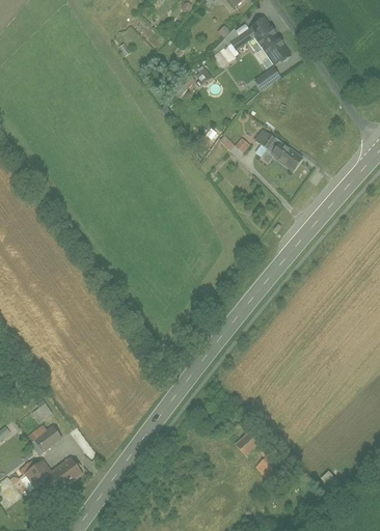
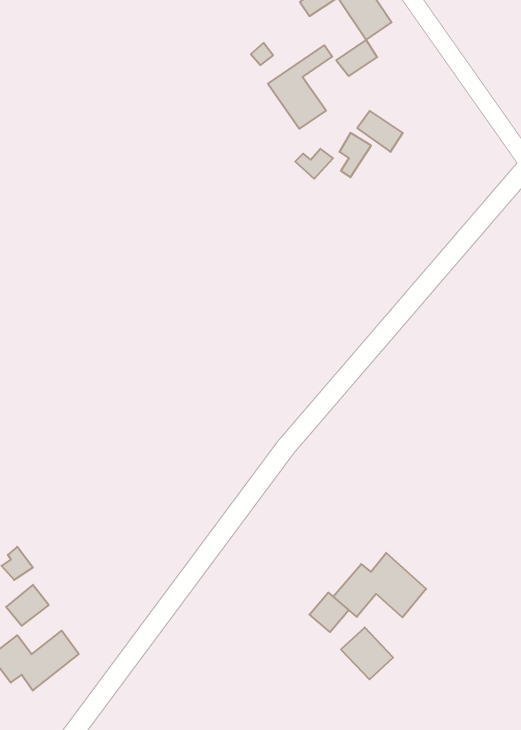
building: none -> [268,45,332,129]
building: [270,143,300,170] -> [357,111,403,152]
building: none -> [333,553,426,617]

